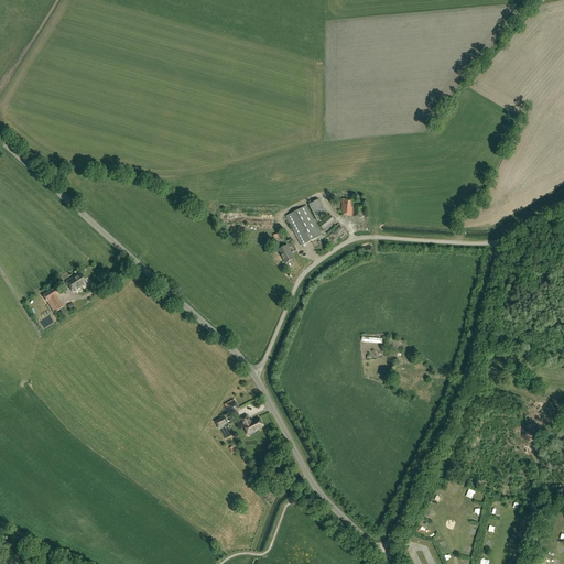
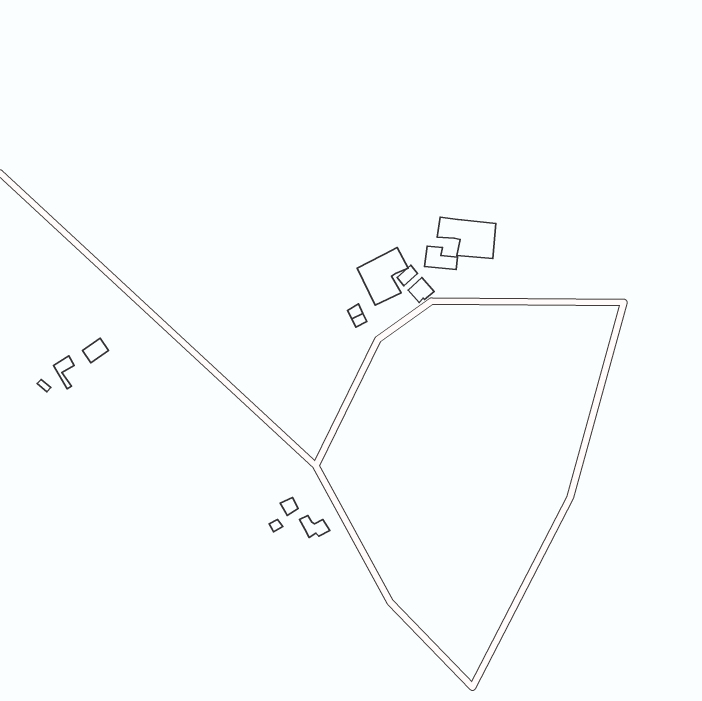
building: none -> [437,217,496,259]

